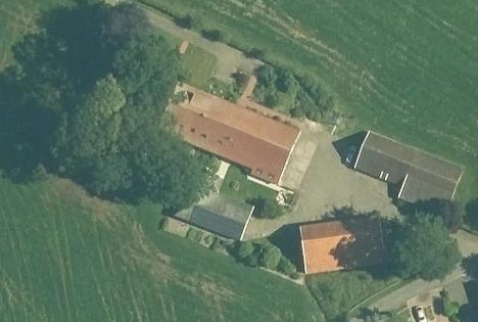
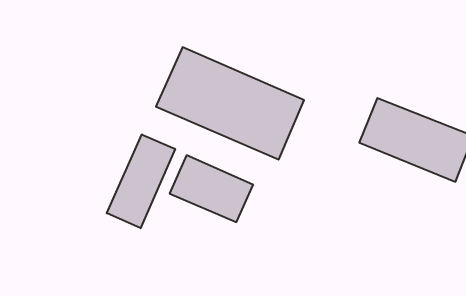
building: none -> [107,134,175,228]
building: [298,220,391,276] -> none

